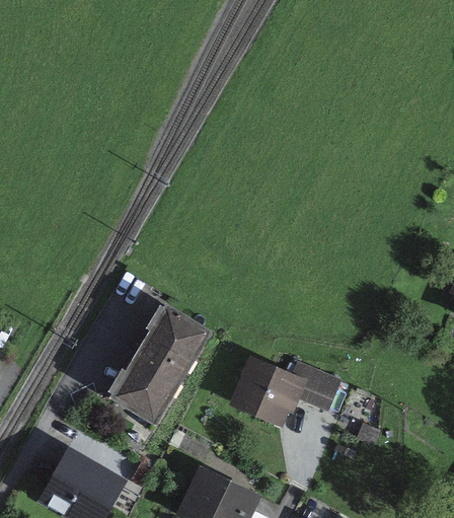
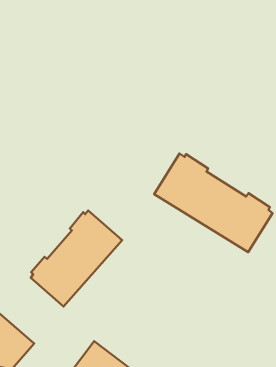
building: none -> [154,154,273,252]
building: [228,356,342,428] -> none

